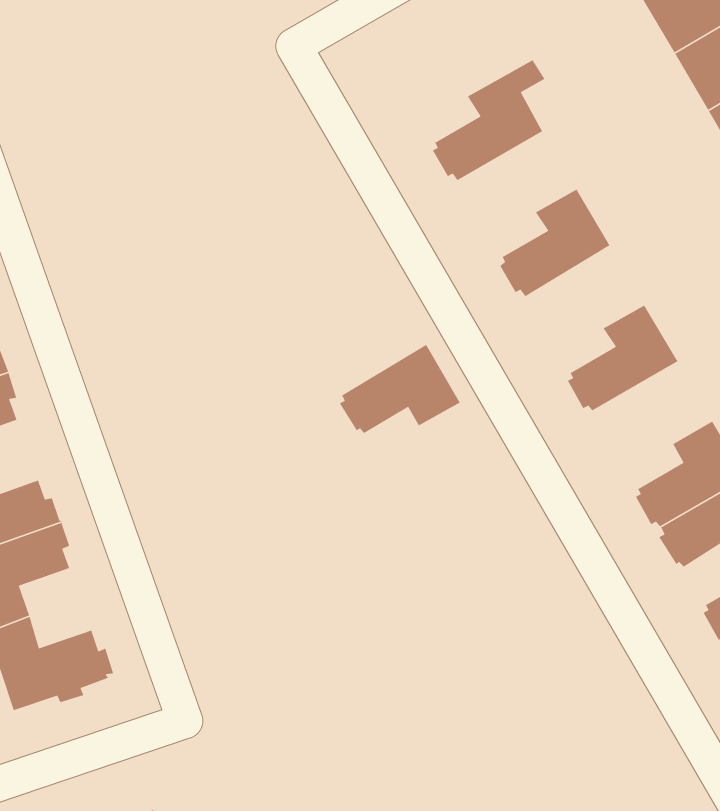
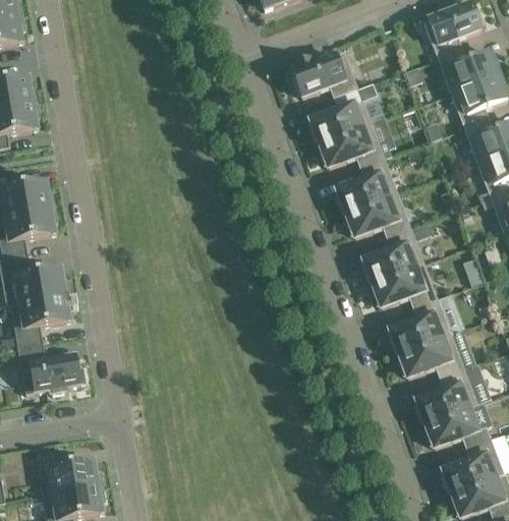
building: none -> [291,51,358,97]
building: none -> [318,123,385,167]
building: [339,344,461,434] -> [344,192,411,237]
building: none -> [371,263,438,307]

